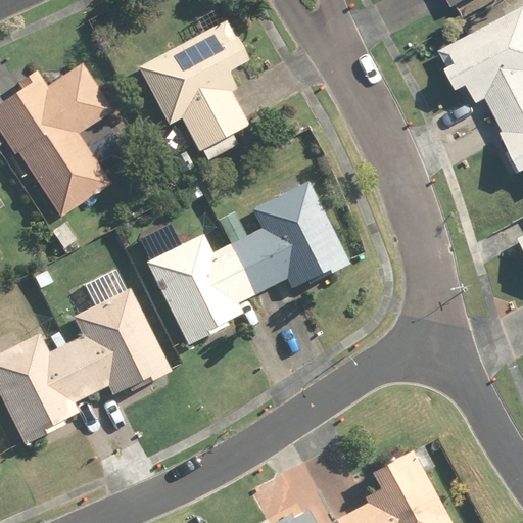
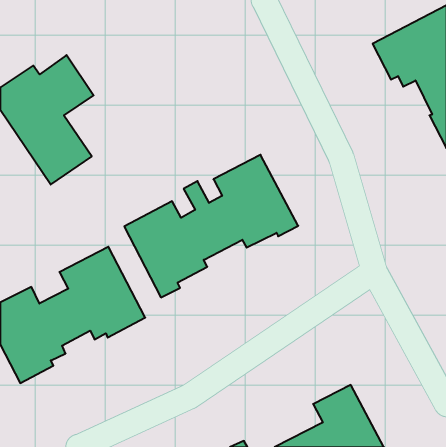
building: [135,20,247,167] -> none

